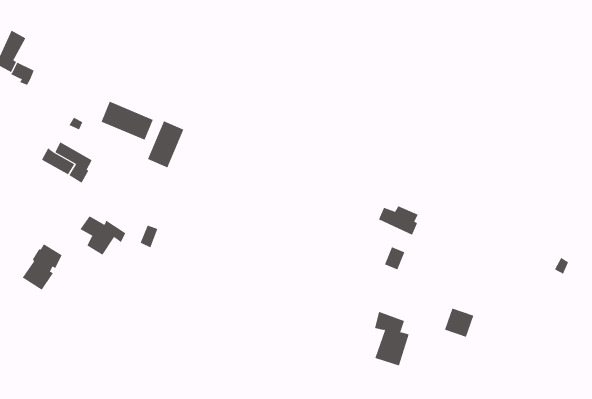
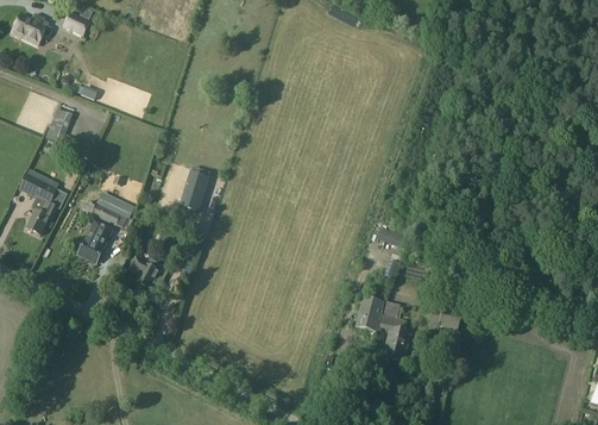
building: [101,101,153,141] -> none
building: [22,243,62,291] -> [77,223,109,262]
building: none -> [355,295,383,329]

